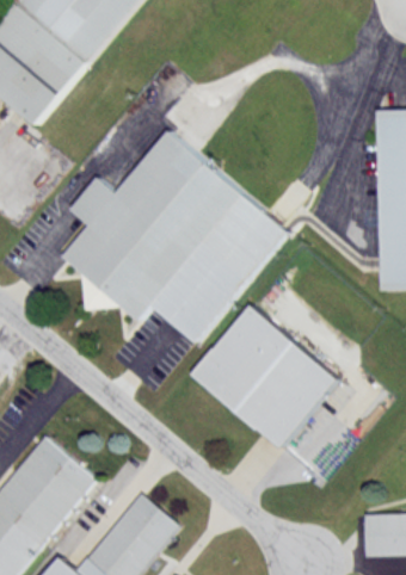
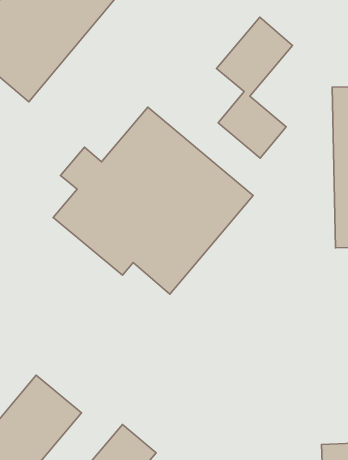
building: none -> [216,17,293,158]
building: [192,305,339,449] -> none

